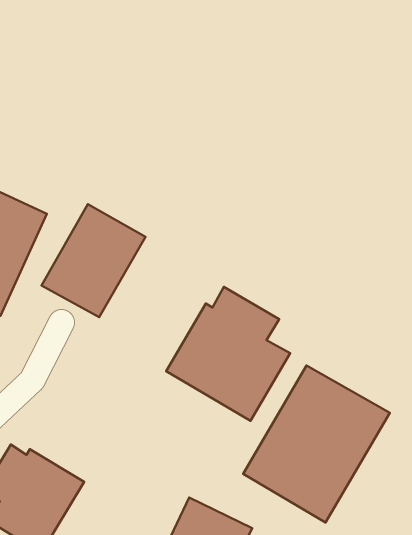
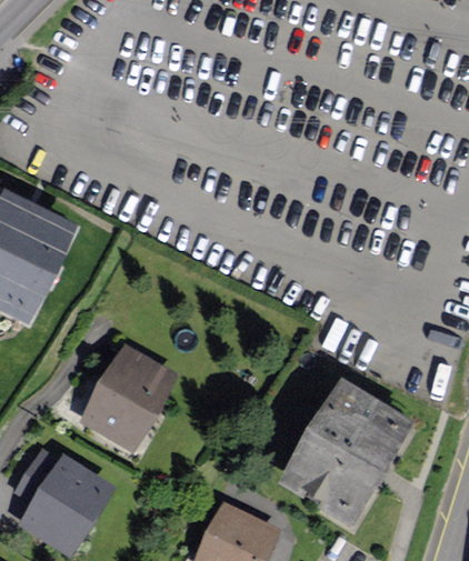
building: [42,204,145,317] -> [77,345,179,457]
building: [166,287,290,421] -> none

